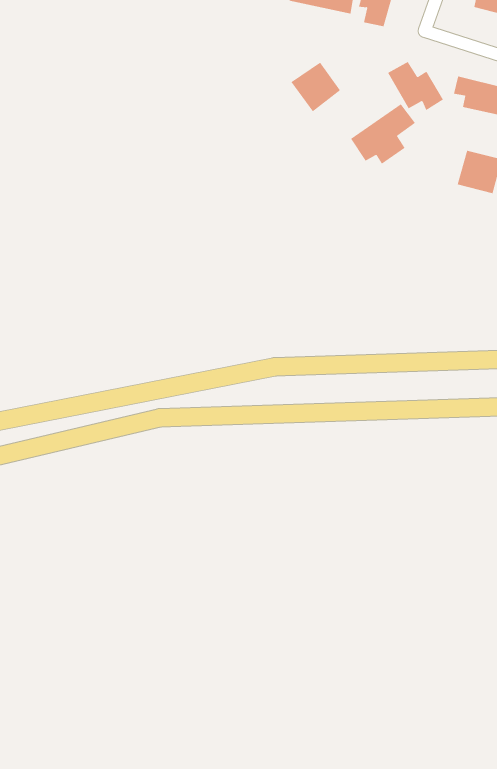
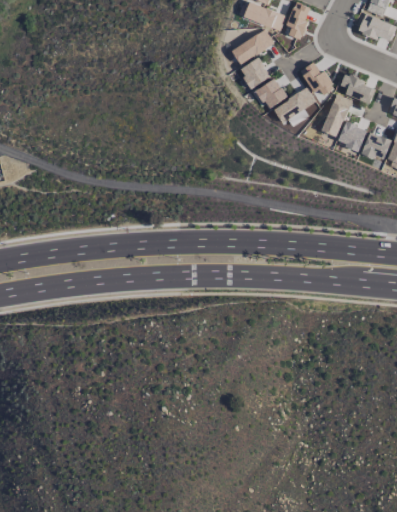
building: none -> [231,31,273,63]
building: none -> [256,78,286,109]
building: none -> [320,94,352,138]

